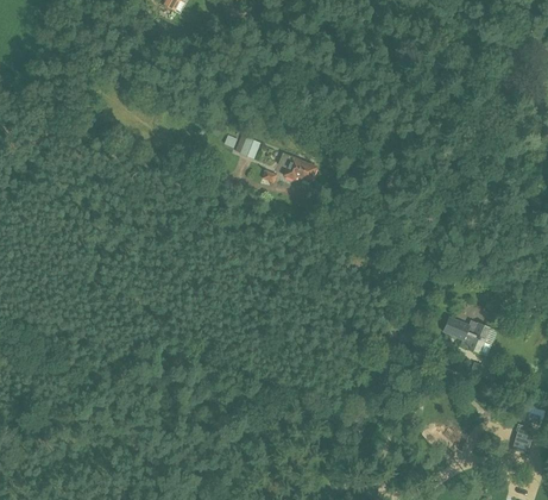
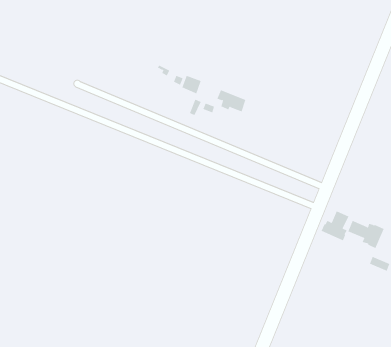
building: none -> [321,210,349,241]

